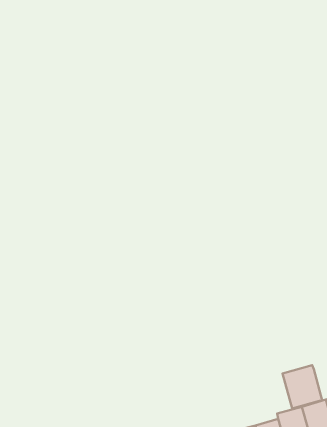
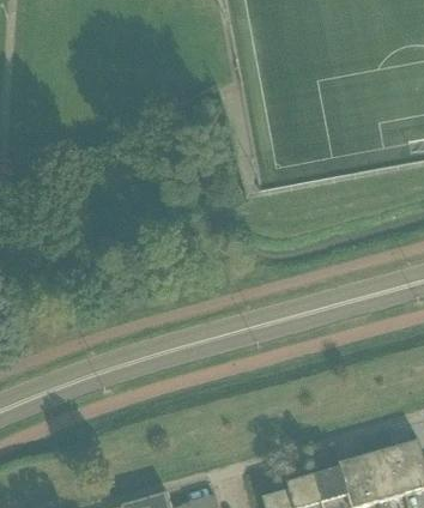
building: [282,365,322,408] -> none

